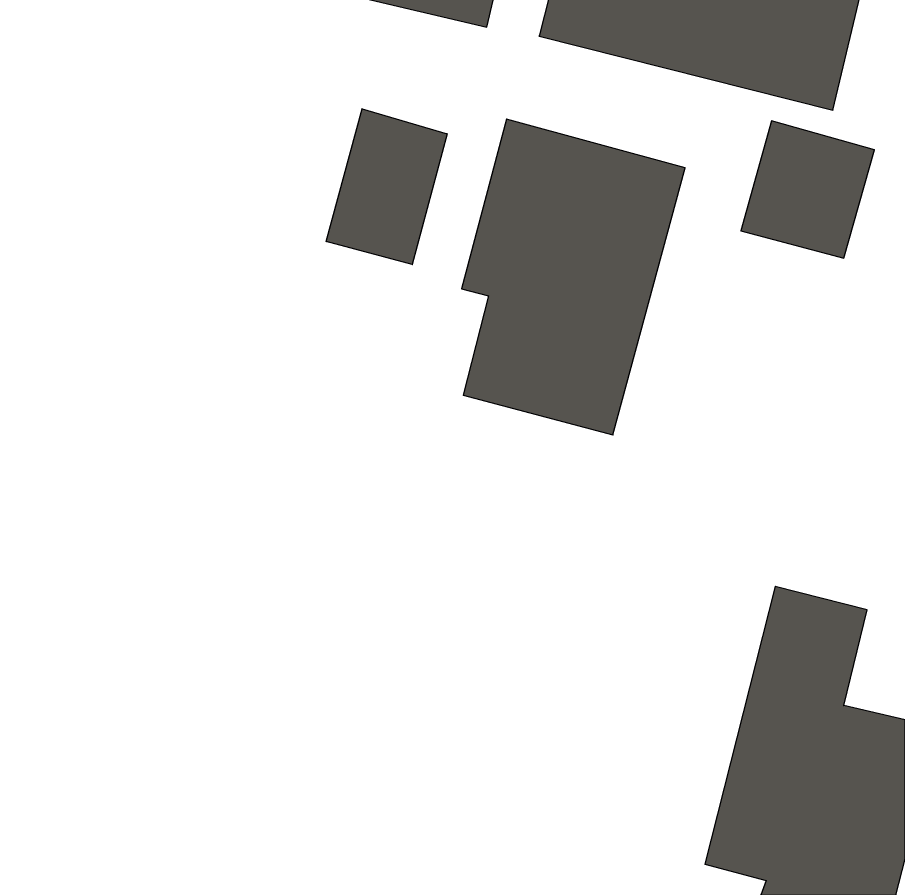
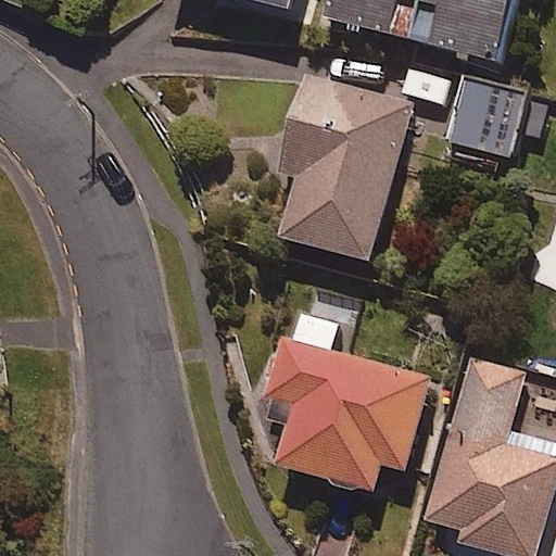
building: [326,109,447,265] -> none
building: none -> [264,305,429,492]

